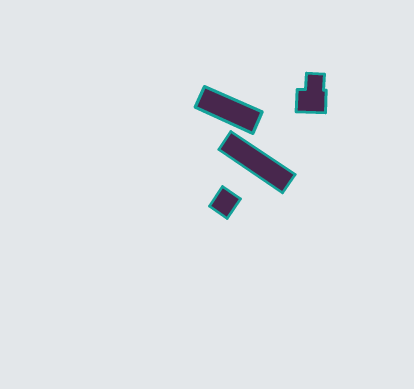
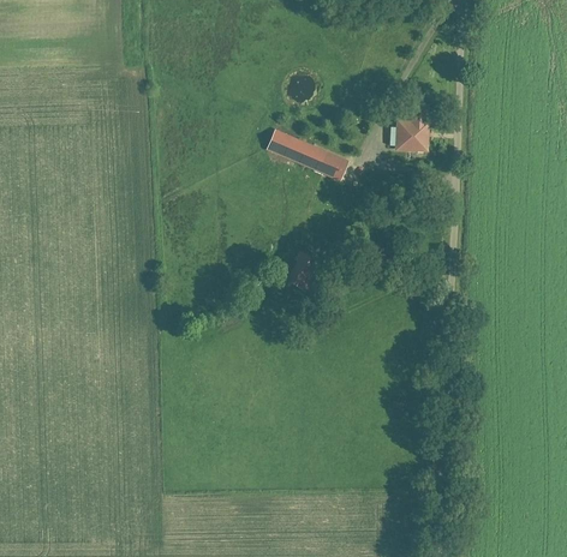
building: [219,132,295,193] -> none

